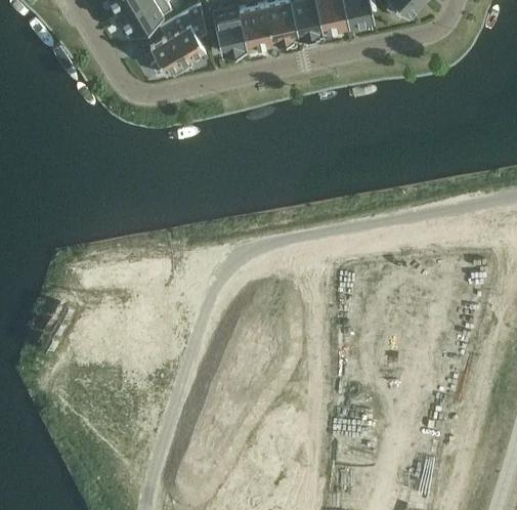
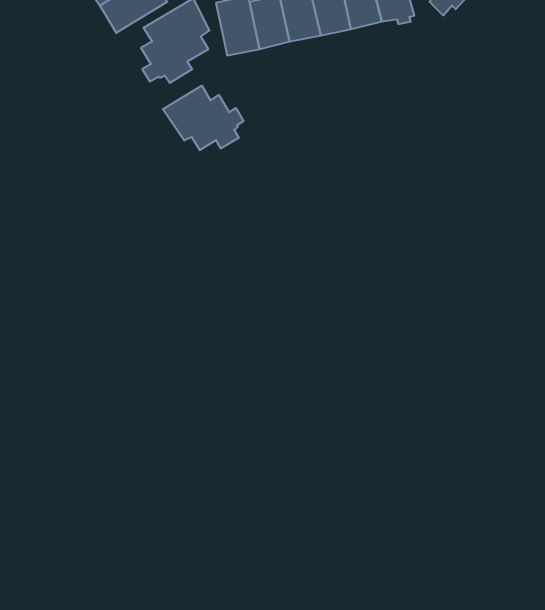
building: none -> [163,86,244,150]

